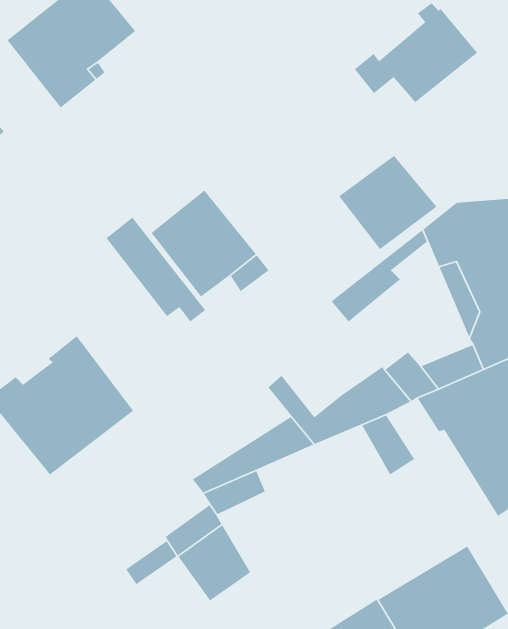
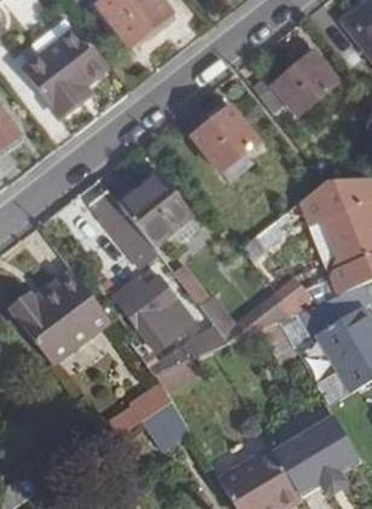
building: [338,155,437,250] -> [192,107,258,171]
building: none -> [114,276,180,350]

